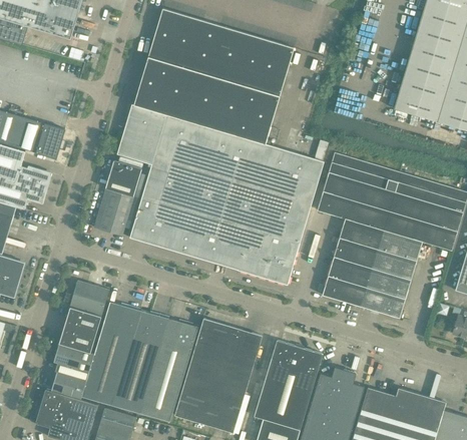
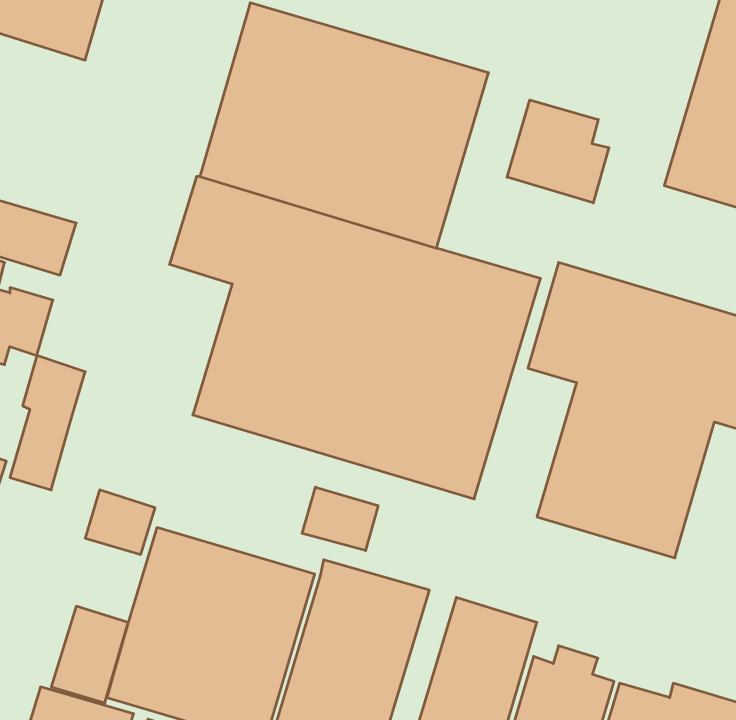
building: none -> [507,100,609,203]
building: [98,160,140,236] -> [10,356,85,490]
building: none -> [302,487,378,551]
building: [59,307,100,352] -> none

